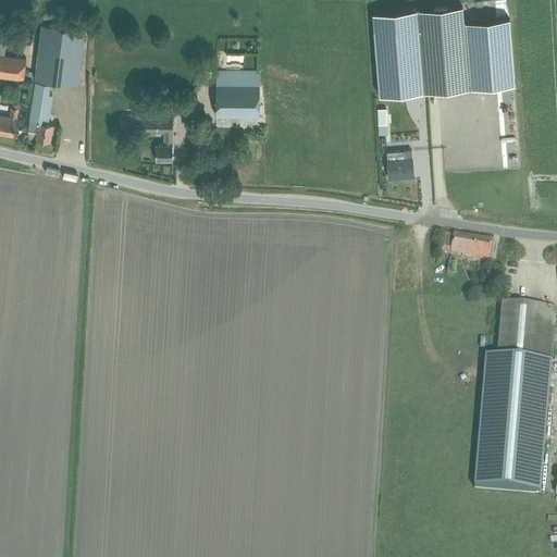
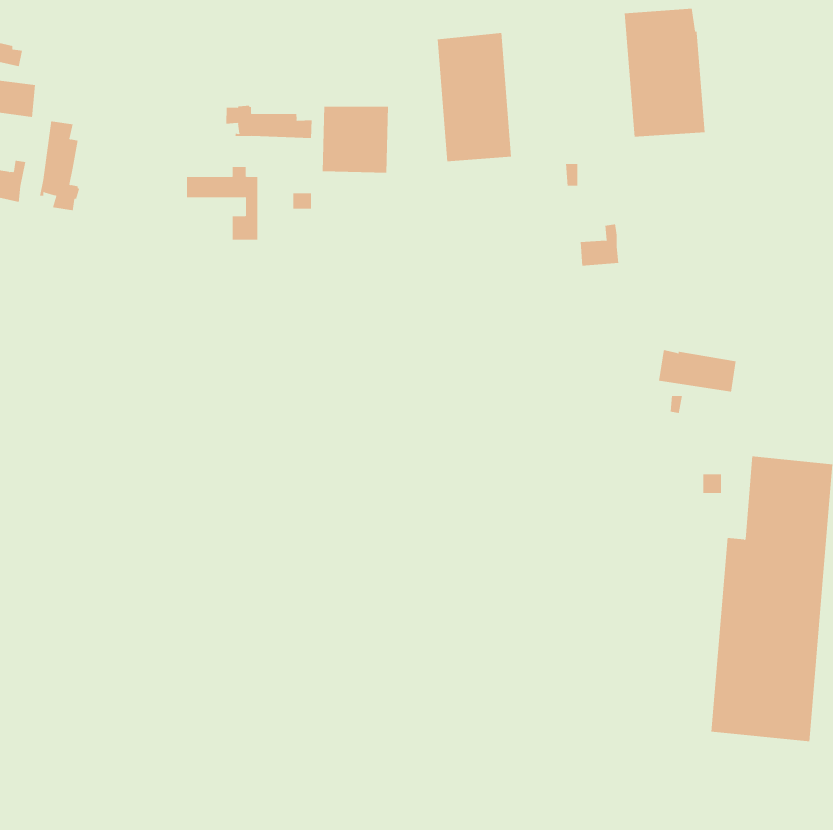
building: [372,12,422,98] -> [437,33,512,162]
building: [465,22,513,91] -> none
building: [34,27,84,87] -> none
building: none -> [226,105,312,139]

